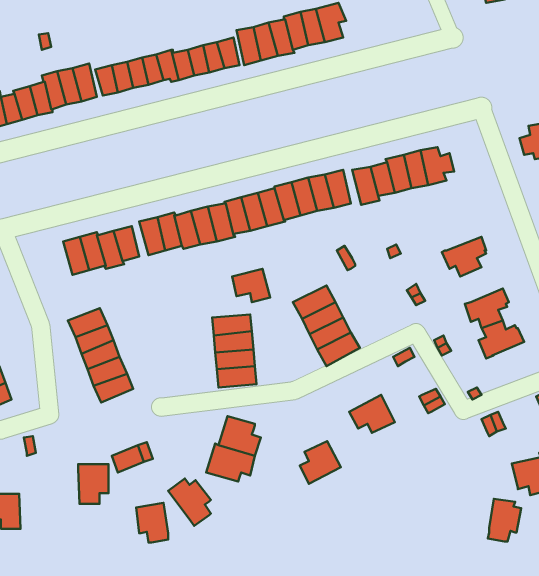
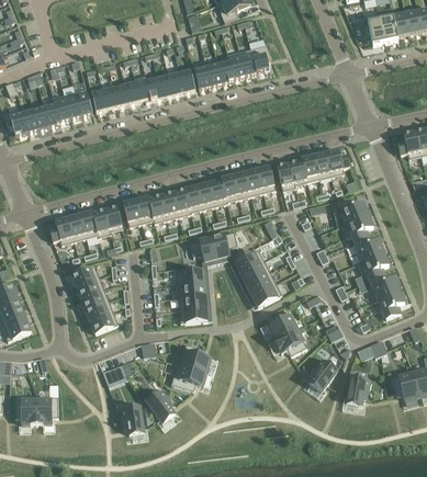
building: none -> [339,196,370,223]
building: none -> [49,216,75,243]
building: none -> [212,230,238,257]
building: none -> [355,235,385,260]
building: none -> [378,288,405,317]
building: none -> [310,357,339,390]
building: [300,441,341,484] -> [268,308,297,339]
building: [78,464,109,504] -> [36,395,58,423]
building: [488,499,521,541] -> [347,373,371,404]

